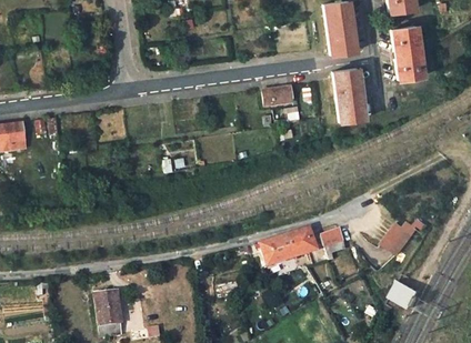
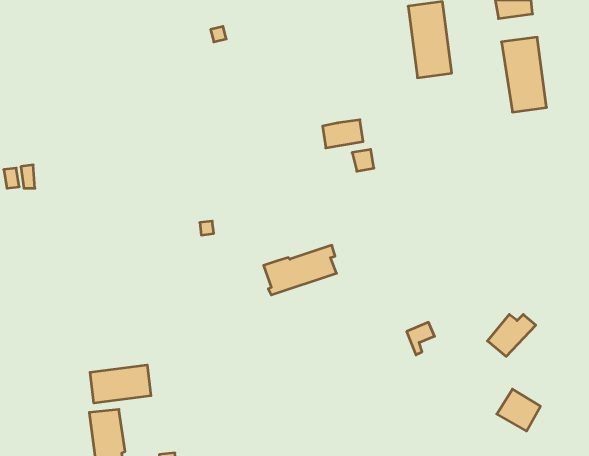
building: [332,68,365,122] -> none
building: [261,230,313,265] -> [264,245,337,295]
building: none -> [90,365,151,403]

